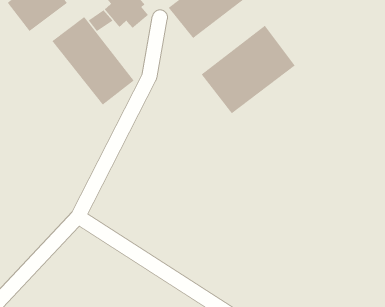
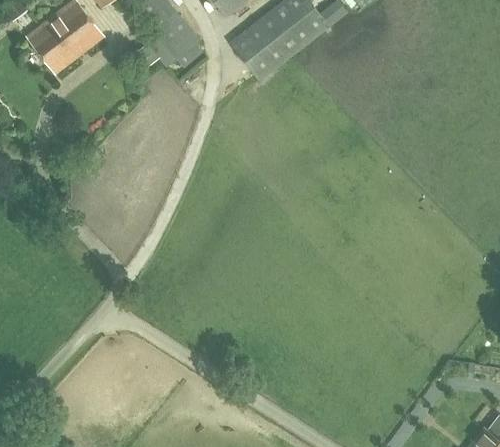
building: [51,16,135,106] -> none
building: [201,25,295,114] -> none

